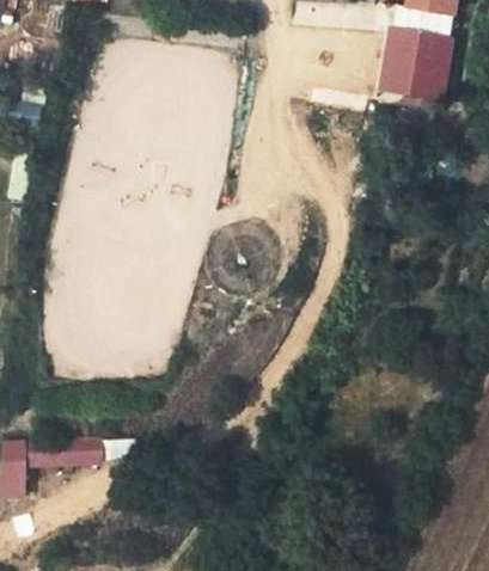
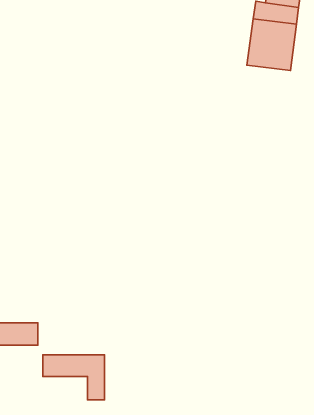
building: none -> [43,355,104,400]

